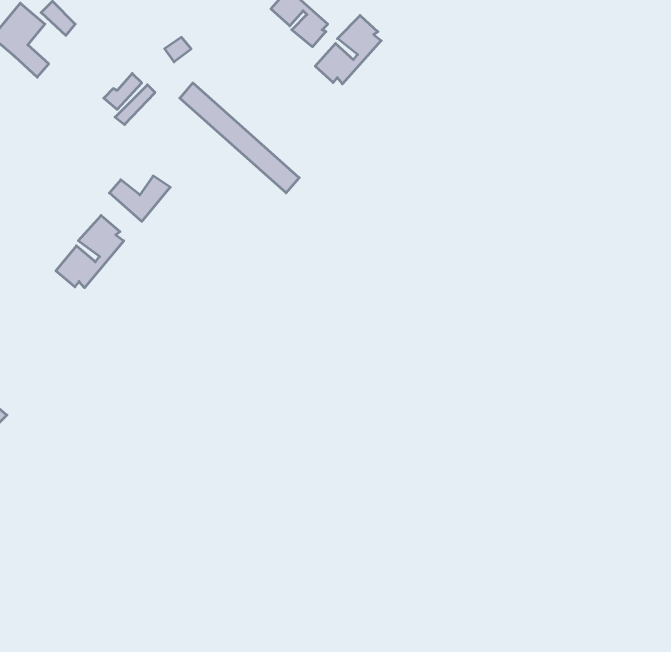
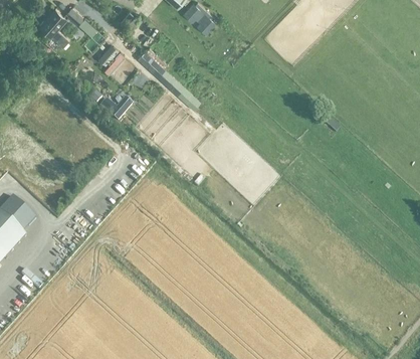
building: [315,15,381,84] -> none
building: [56,215,124,288] -> none

